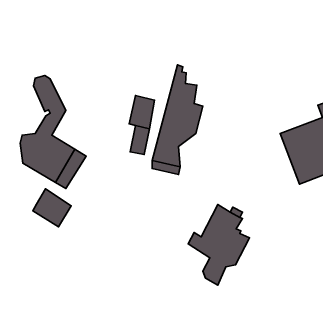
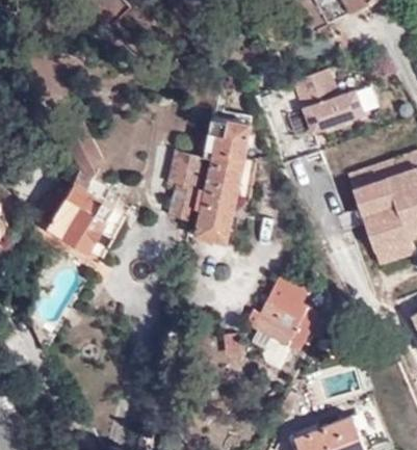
building: none -> [287,72,358,134]
building: [33,189,71,227] -> none

